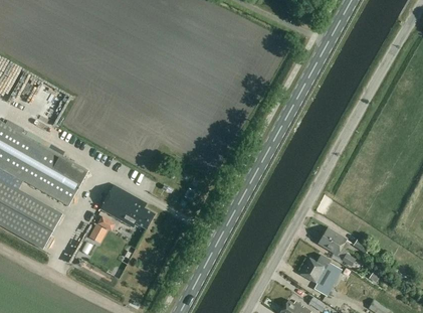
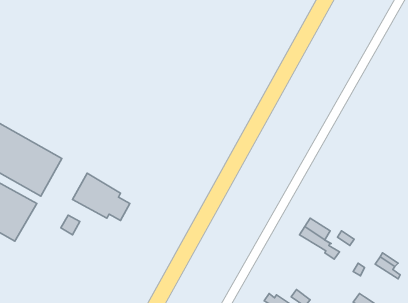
building: [299,254,343,295] -> none

